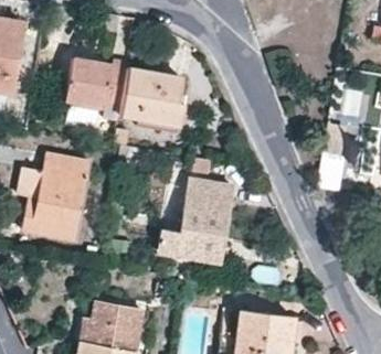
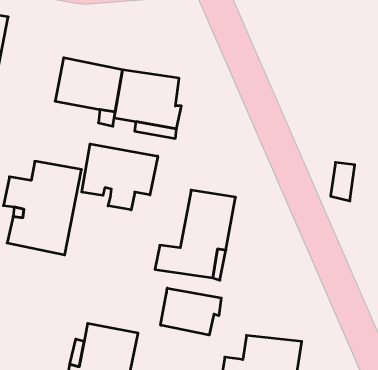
building: none -> [82,144,158,210]
building: none -> [161,288,221,335]

